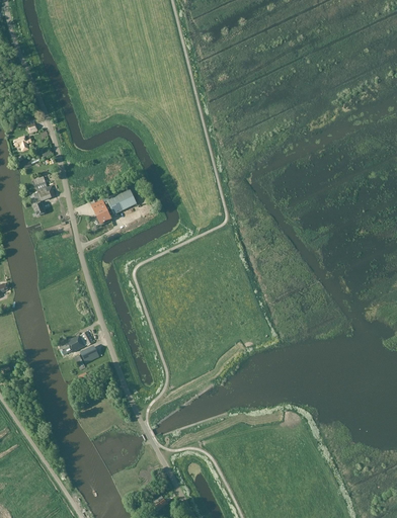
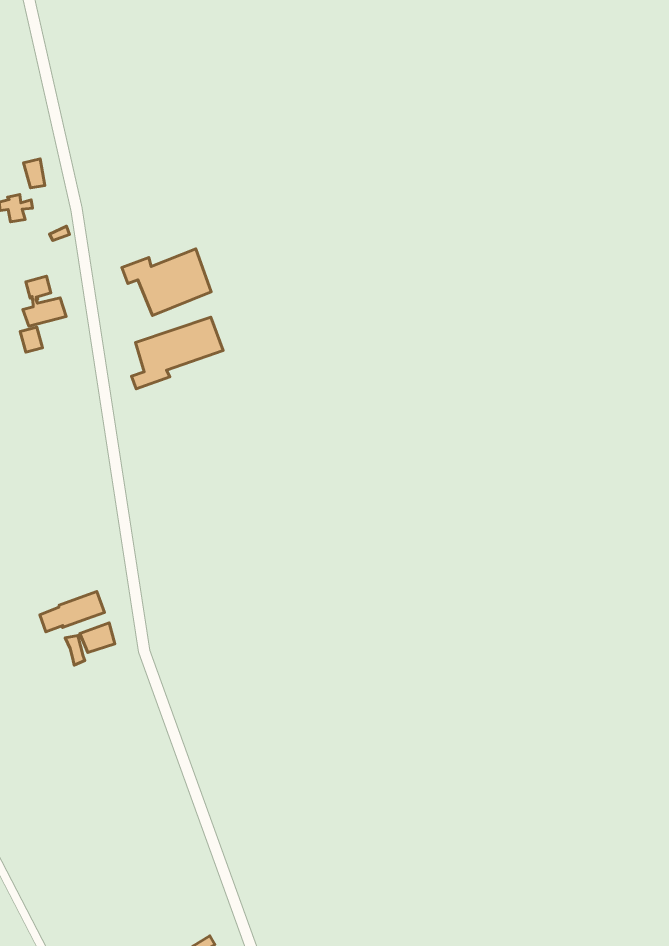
building: none -> [122,249,211,316]

